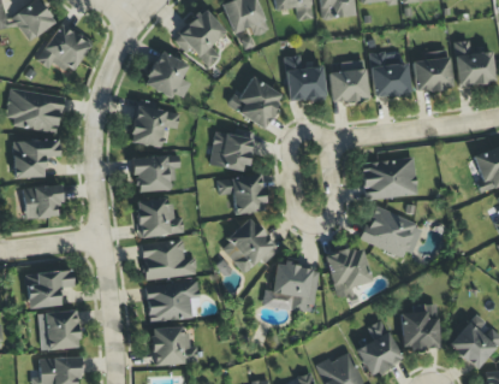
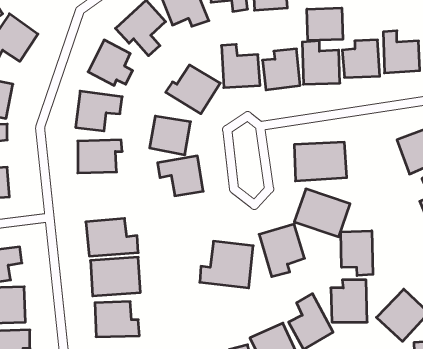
building: none -> [307,8,343,40]
building: [137,199,184,237] -> none
building: [220,219,279,273] -> none
building: none -> [341,231,373,276]

